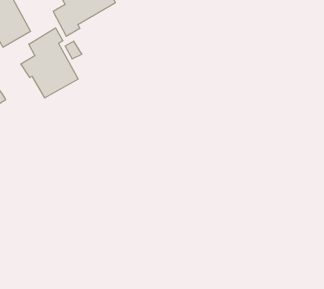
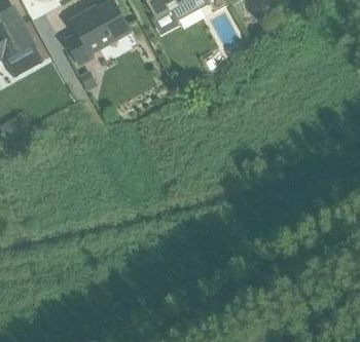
building: [21,28,78,98] -> none

